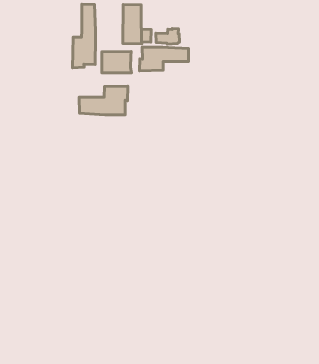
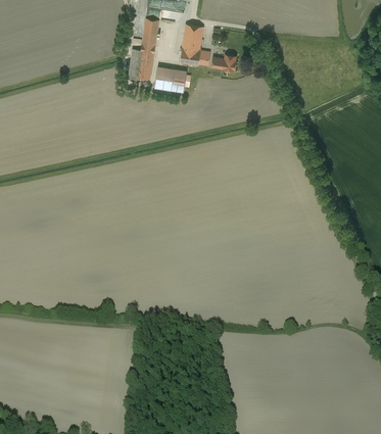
building: [139,47,188,71] -> none
building: [79,86,128,115] -> none

